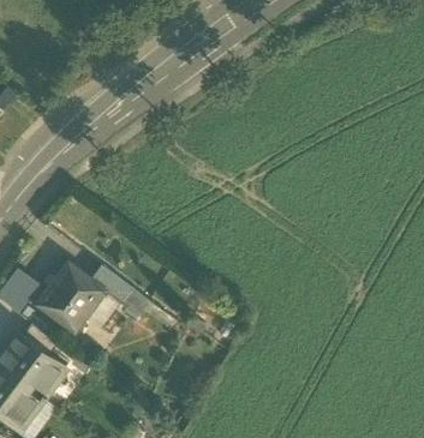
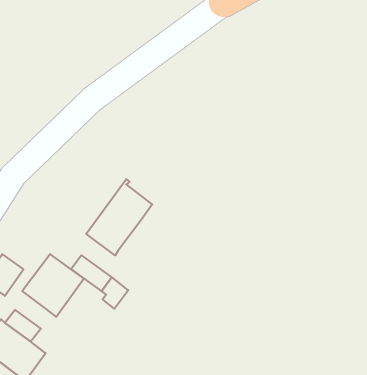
building: none -> [86,179,152,255]

